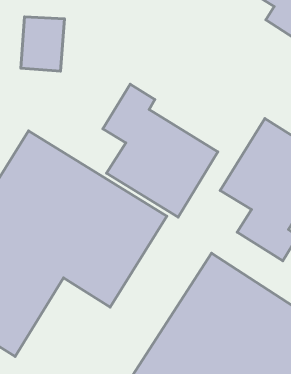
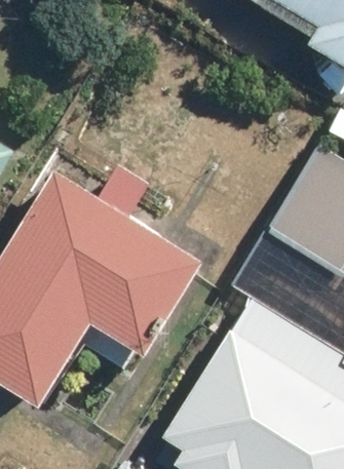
building: [103,84,218,217] -> none

